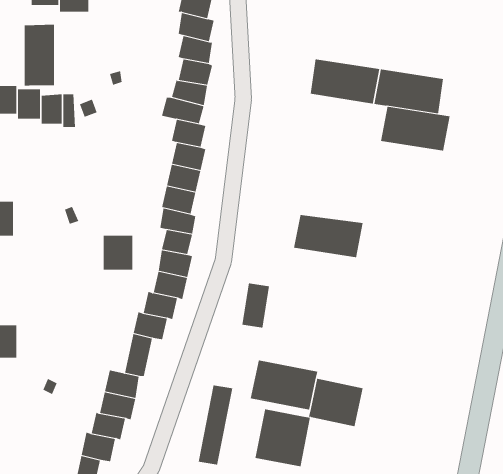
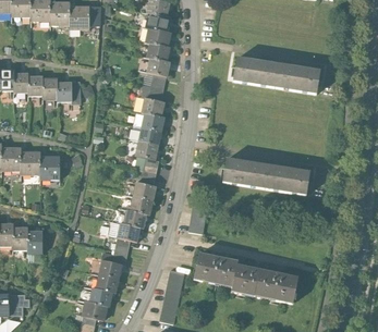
building: [24,24,54,87] -> none
building: [380,106,450,151] -> [264,164,309,194]
building: [103,235,133,270] -> [40,155,60,177]
building: none -> [263,272,297,304]
building: [255,408,311,467] -> none

